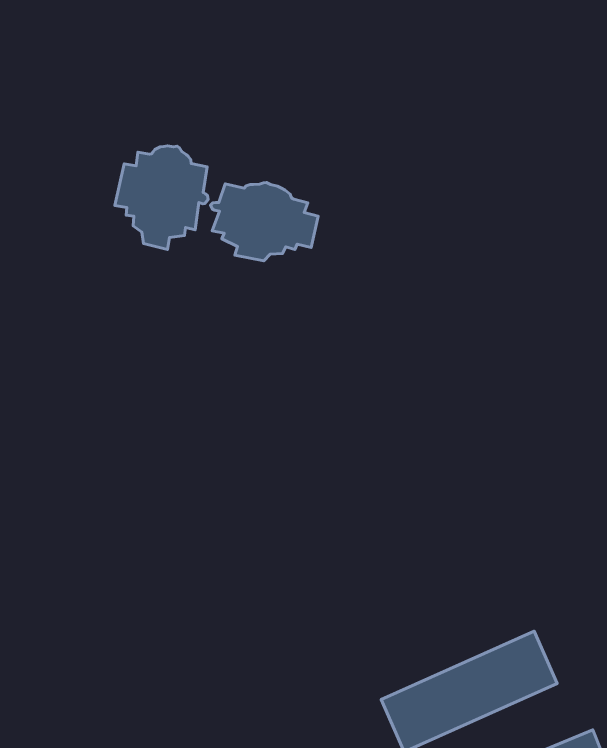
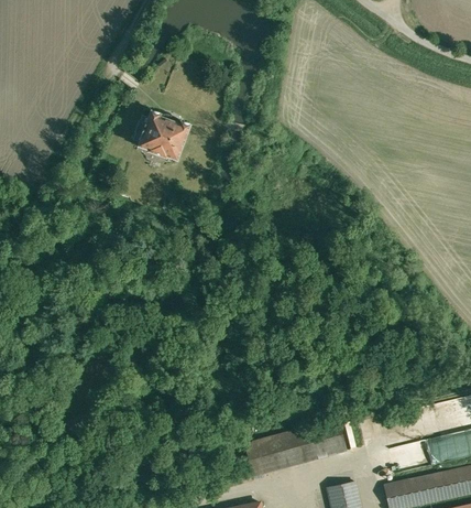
building: [211,183,318,261] -> none

